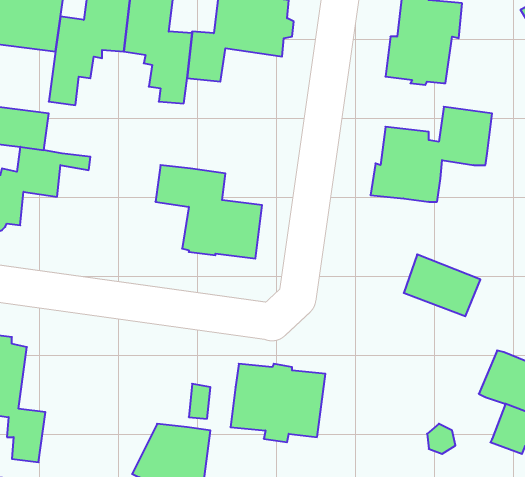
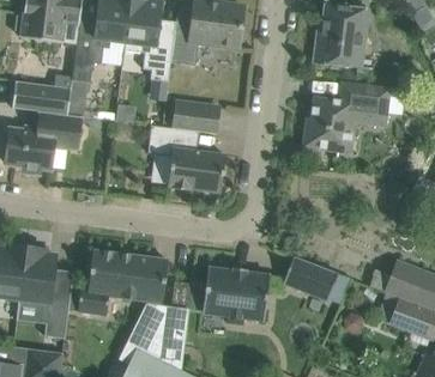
building: none -> [173,102,218,133]
building: [404,254,480,316] -> [283,255,338,299]
building: none -> [78,249,167,314]

